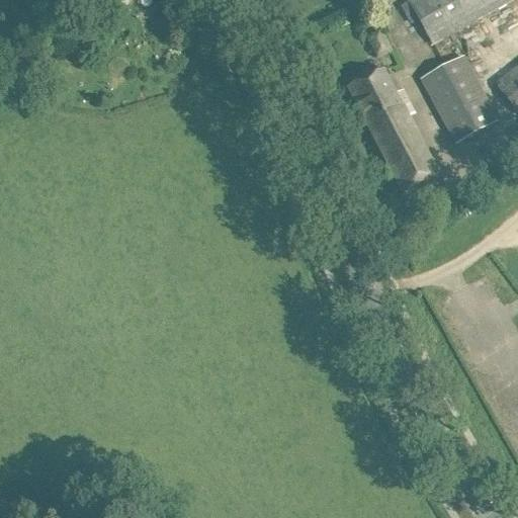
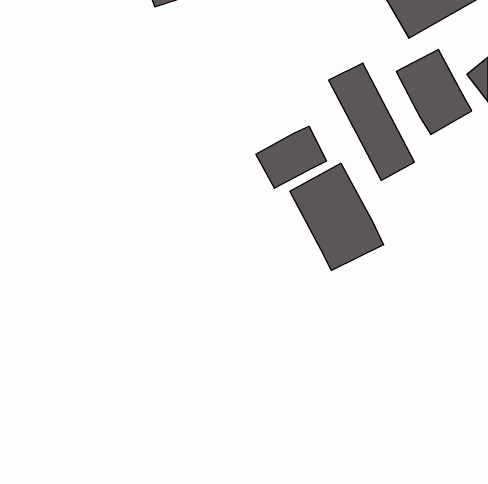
building: none -> [256,126,326,188]
building: none -> [290,163,384,270]

